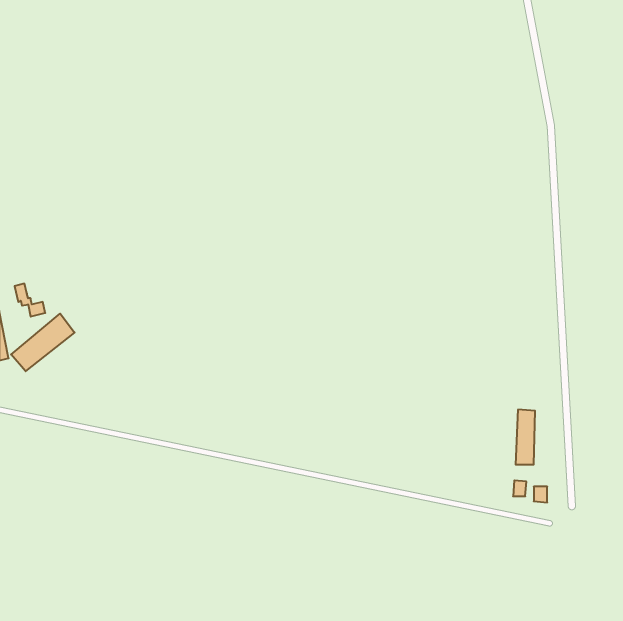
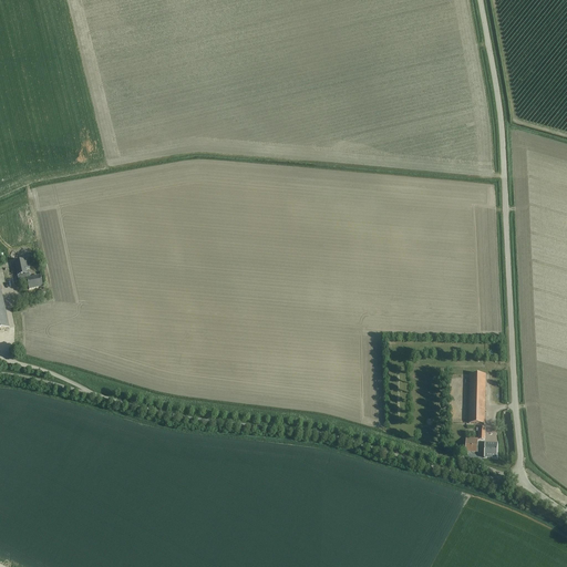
building: [11,314,75,371] -> none

